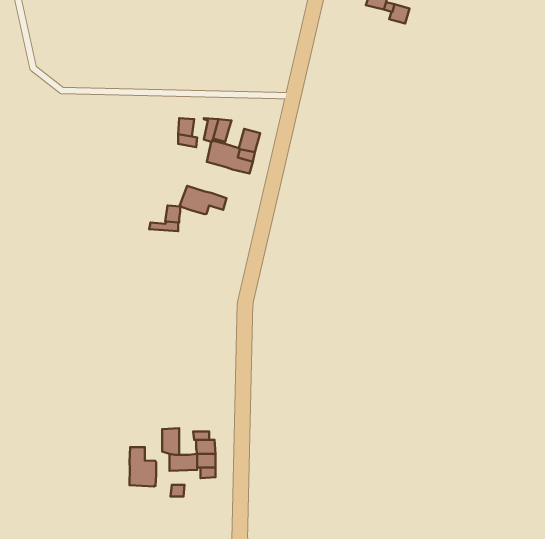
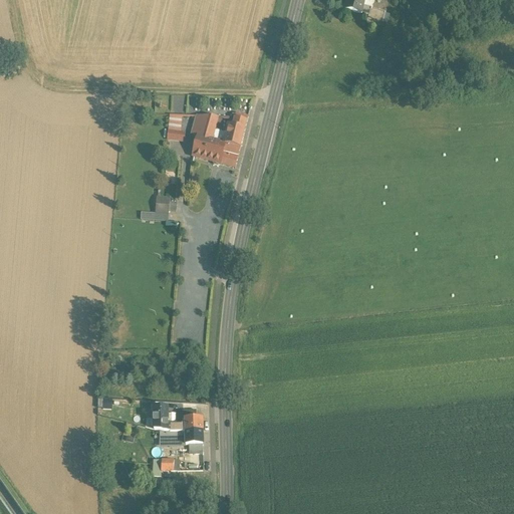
building: [180,186,227,214] -> none
building: [129,447,156,486] -> none

